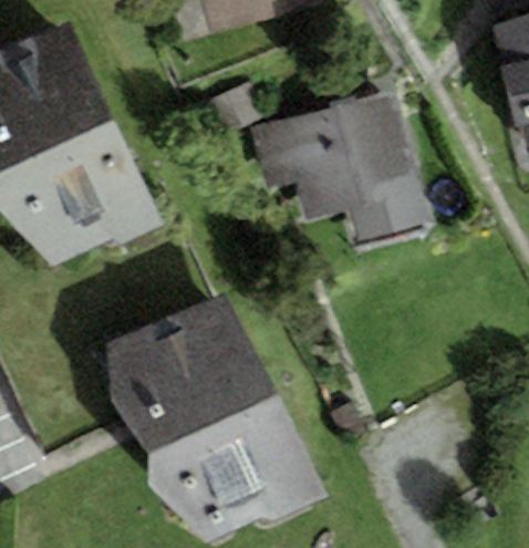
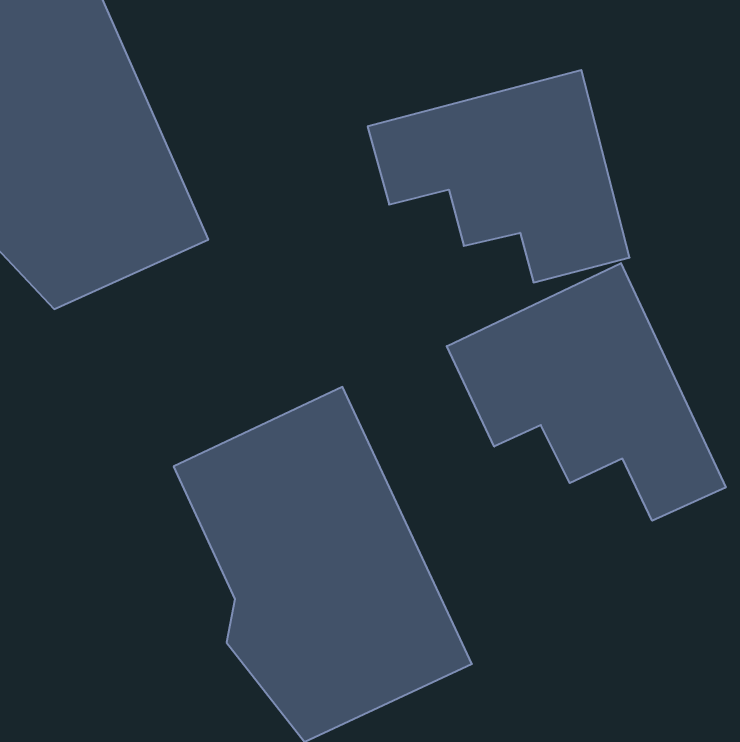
building: none -> [447,263,726,521]

